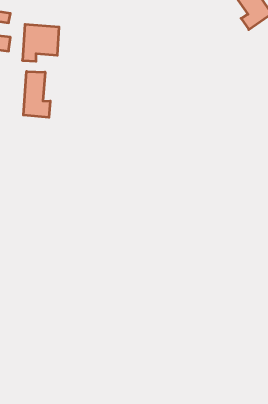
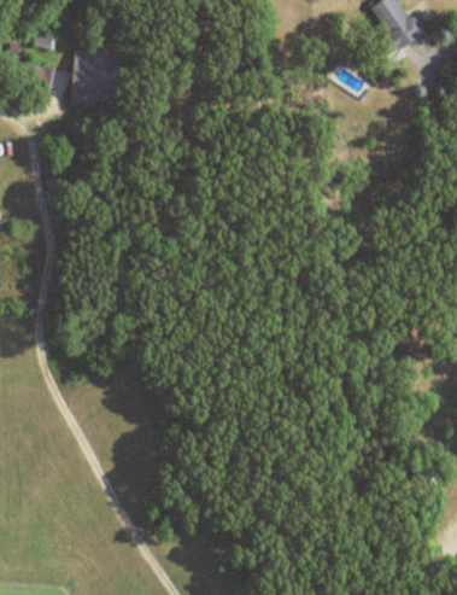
building: [23,71,50,117] -> none

